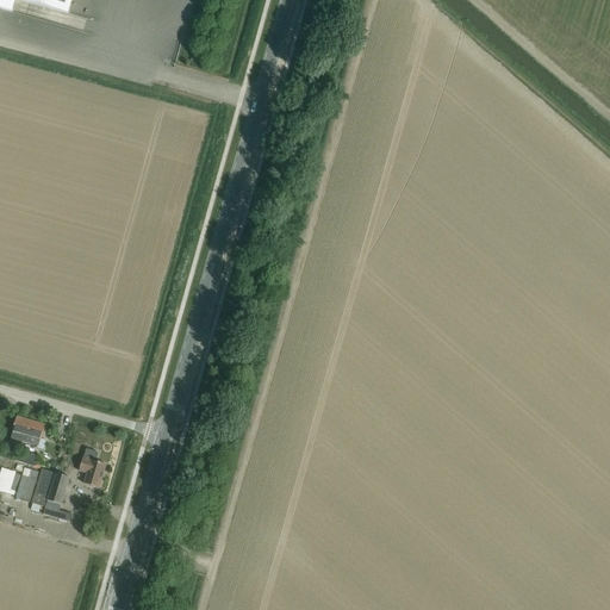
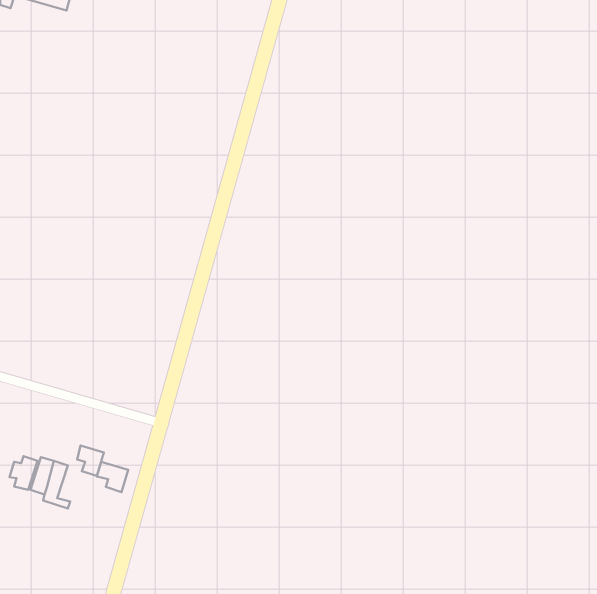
building: [11,413,46,447] -> none
building: none -> [97,462,128,492]

